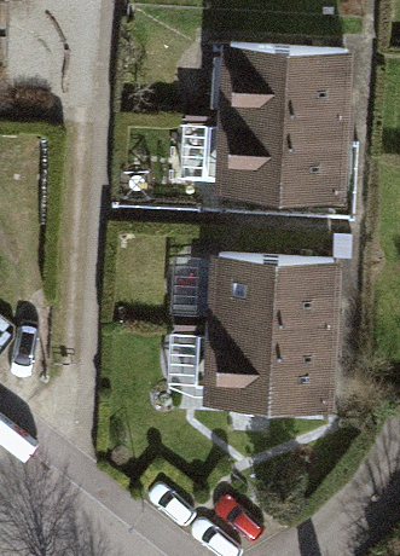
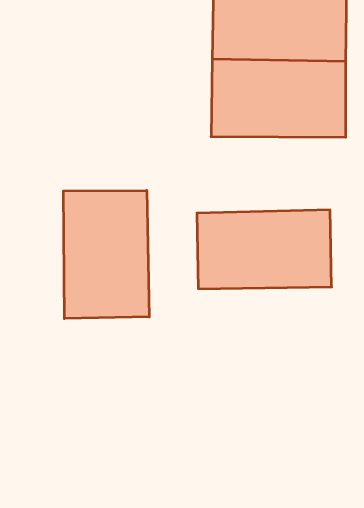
building: none -> [63,190,149,319]
building: [196,330,321,406] -> none

